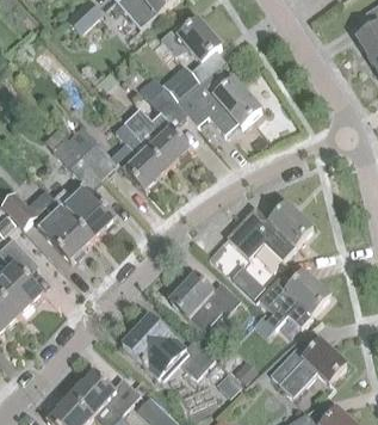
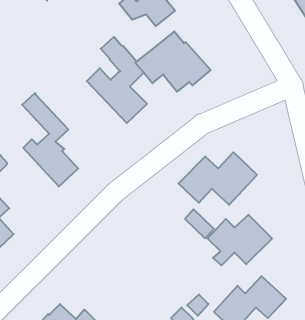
building: [162,63,202,101] -> none
building: [68,123,168,191] -> none
building: [37,189,93,261] -> none
building: [171,277,237,329] -> none
building: [122,315,218,381] -> none

